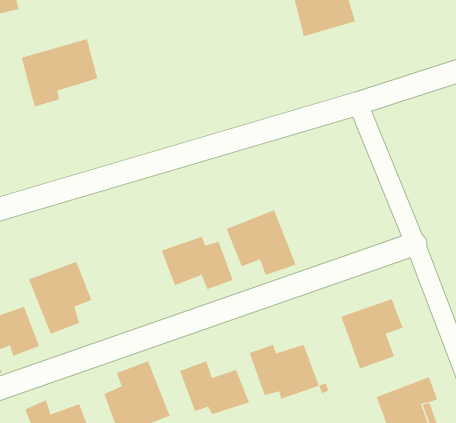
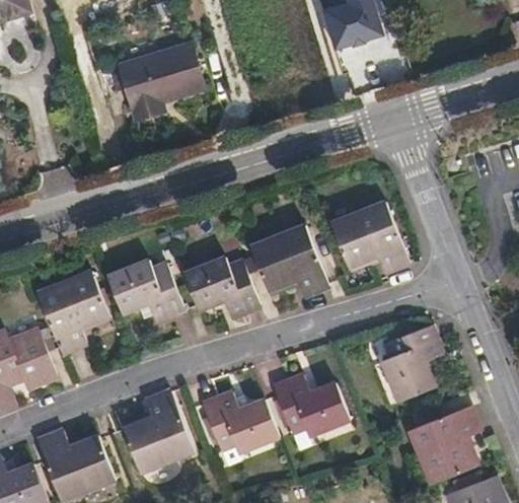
building: [21,38,98,107] -> [122,43,204,116]
building: none -> [332,208,406,280]
building: none -> [106,264,182,320]

